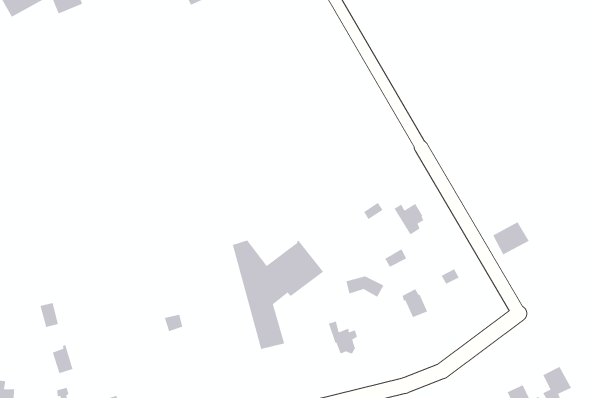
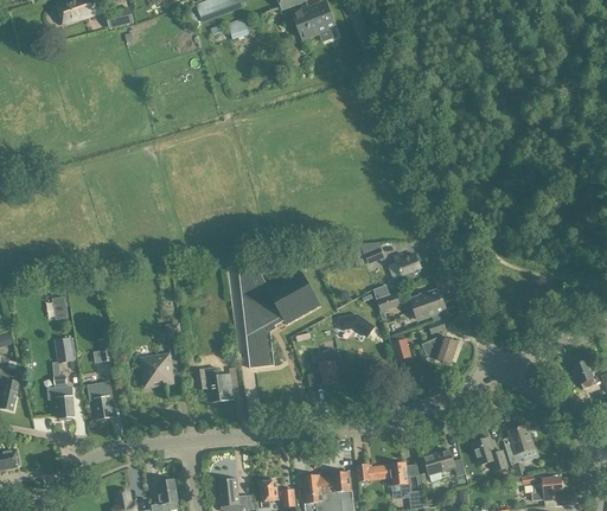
building: [492,221,530,255] -> [410,289,445,319]
building: none -> [421,334,456,363]
building: none -> [138,352,173,388]
building: none -> [193,368,232,402]

